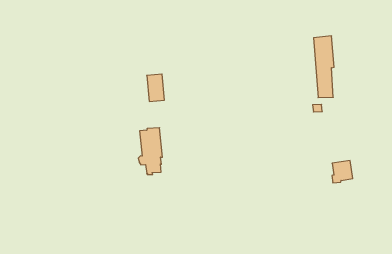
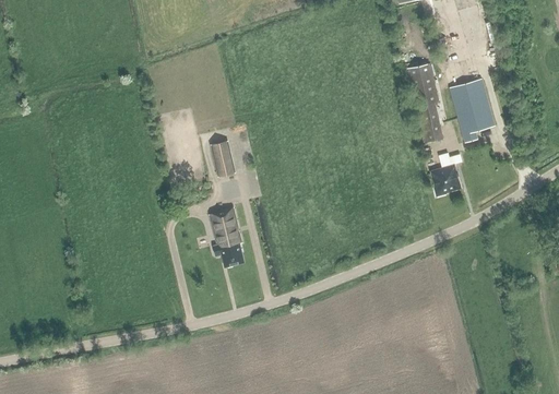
building: none -> [448,77,493,142]
building: [332,161,353,183] -> [432,166,461,196]

